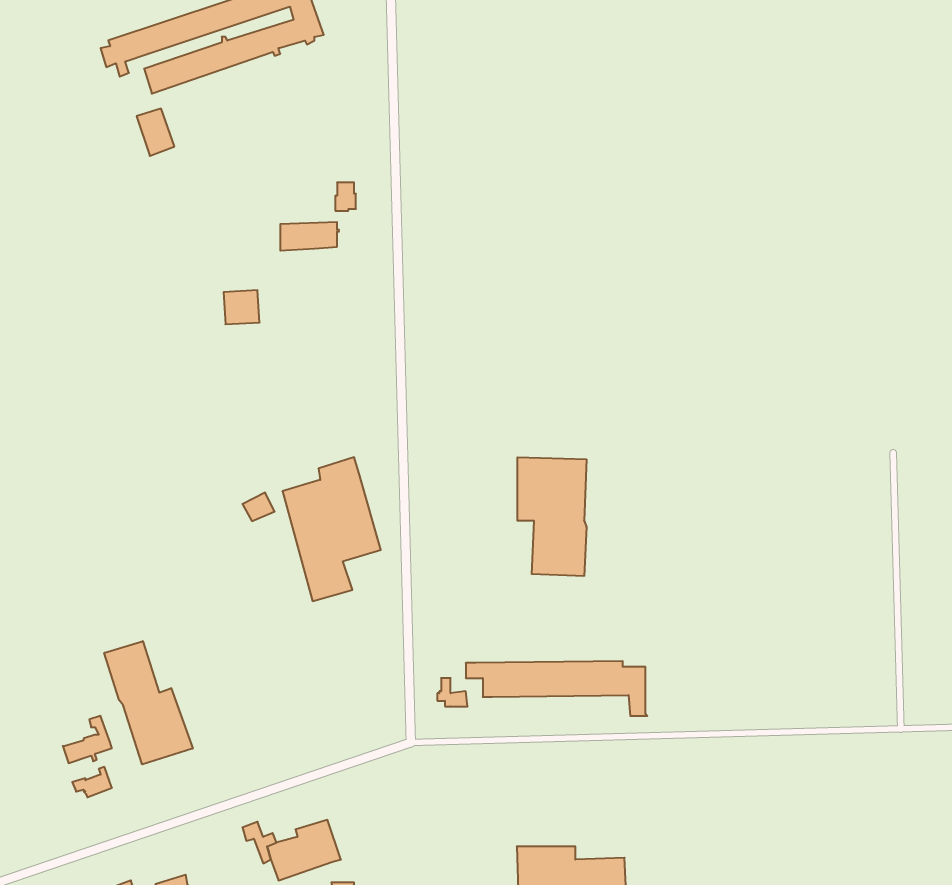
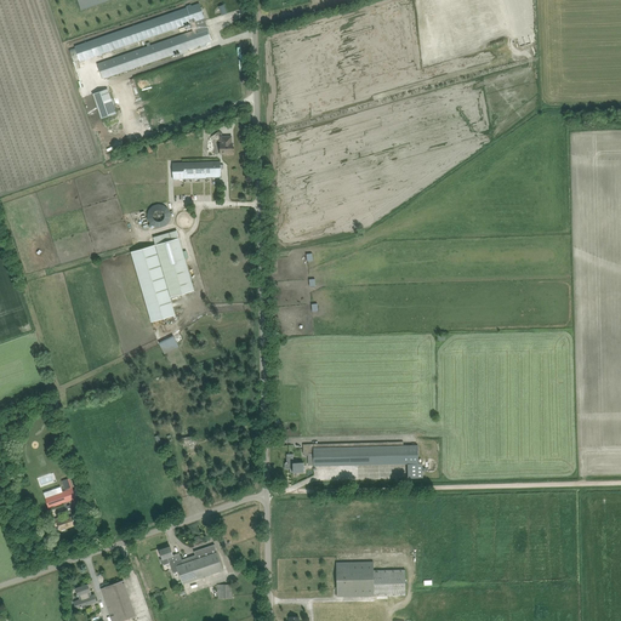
building: [517,457,586,576] -> none
building: [282,457,381,601] -> [131,230,194,323]
building: [104,641,193,764] -> none

